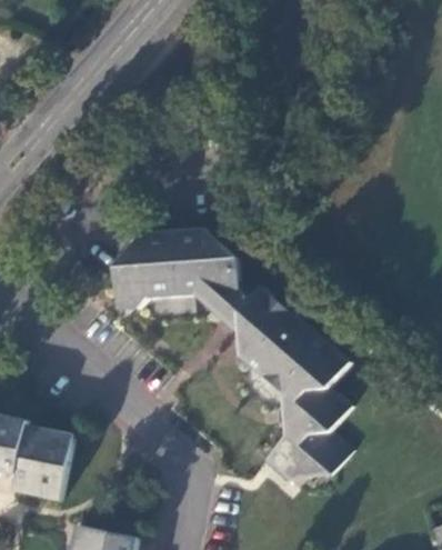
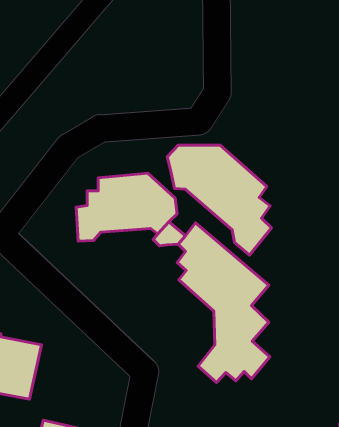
building: none -> [167,145,271,255]

